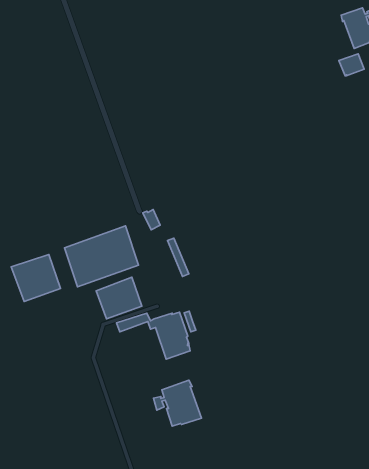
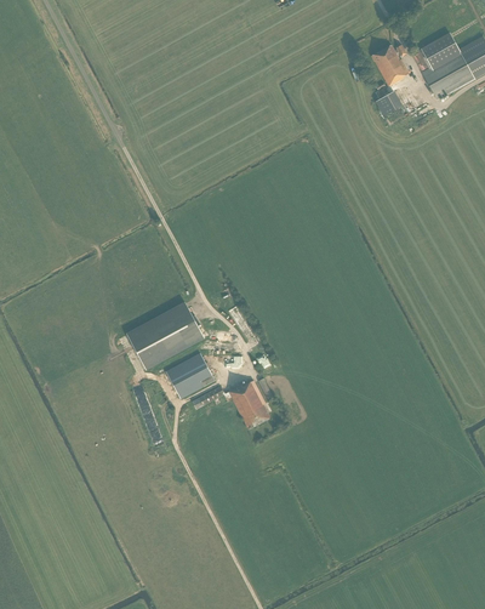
building: [11,255,61,302] -> none
building: [153,380,201,426] -> none

